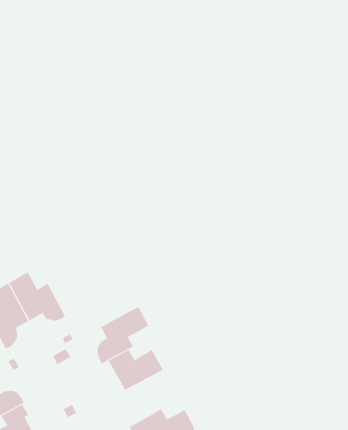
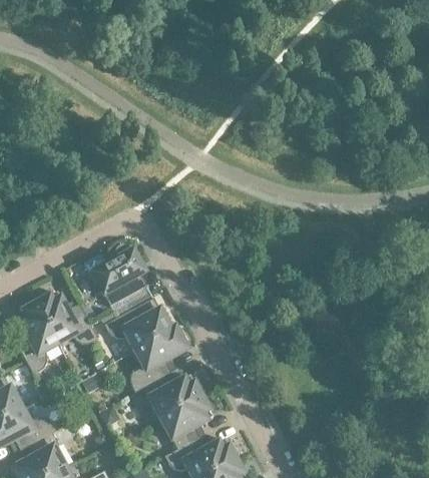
building: none -> [92,246,147,306]
building: none -> [104,299,176,351]
building: none -> [161,397,213,451]

